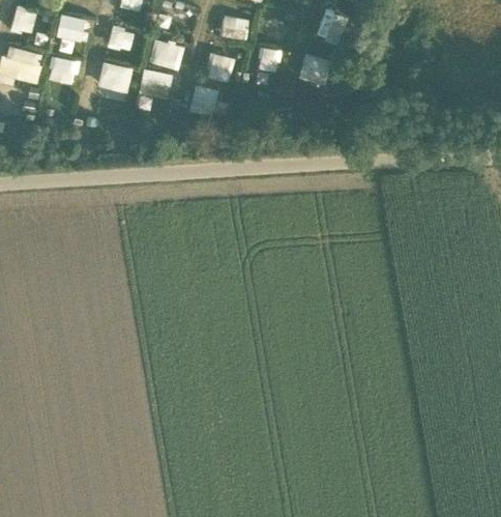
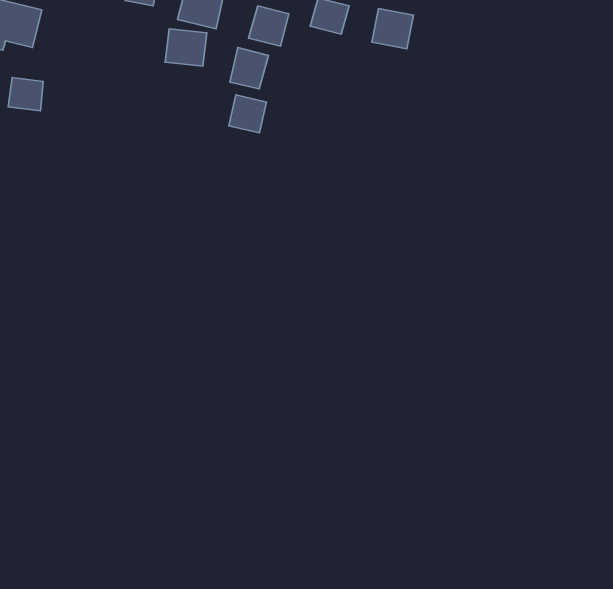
building: [49,58,76,84] -> [8,77,43,111]
building: [96,62,132,104] -> none
building: none -> [229,95,267,133]

